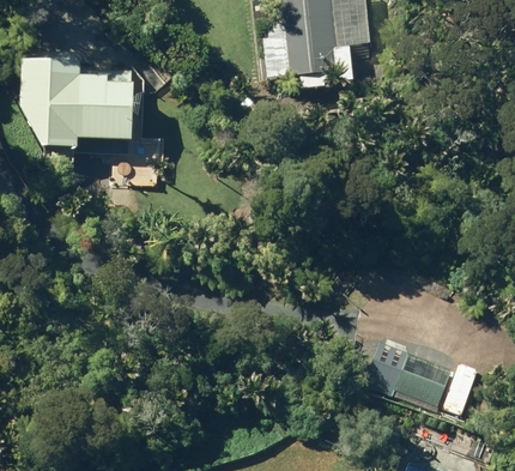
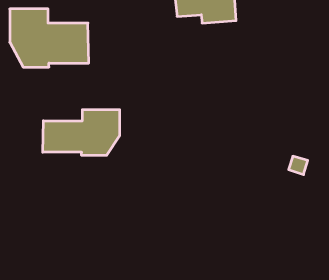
building: none -> [43,110,120,155]

